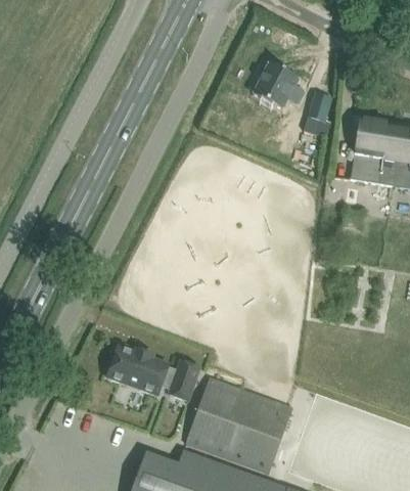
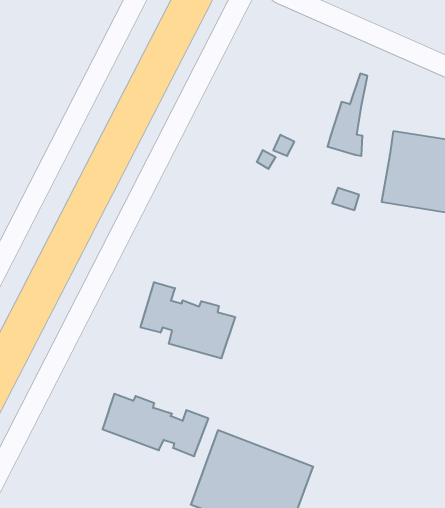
building: [253,62,304,109] -> none
building: none -> [141,282,235,358]

